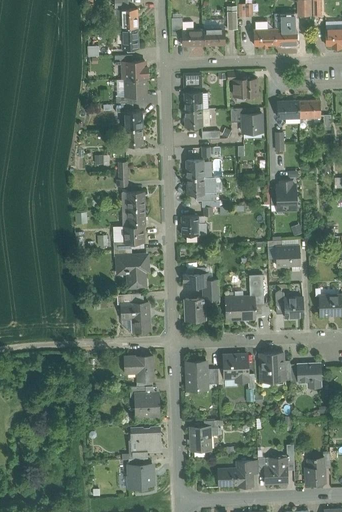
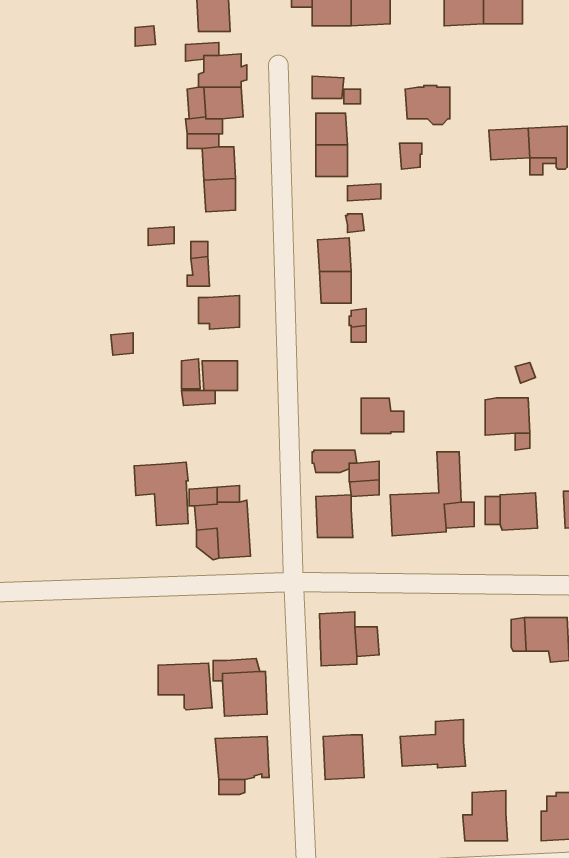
building: [241,114,262,133] -> none
building: [276,181,296,210] -> none
building: [123,208,145,227] -> none
building: [182,216,205,235] -> [361,398,404,434]
building: [117,254,146,288] -> [134,462,188,525]
building: [259,353,285,382] -> none
building: [223,355,248,383] -> none
building: [125,356,154,381] -> [158,663,212,710]
building: [218,461,253,487] -> [400,720,465,768]
building: [129,464,153,489] -> none

